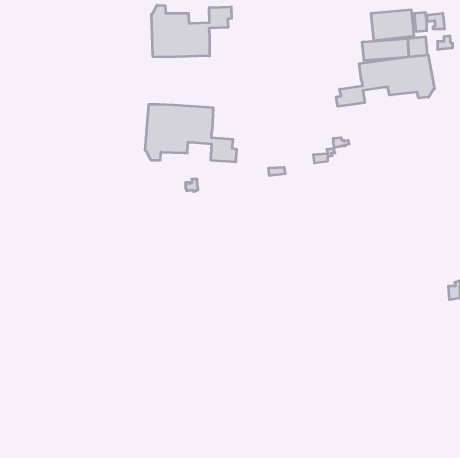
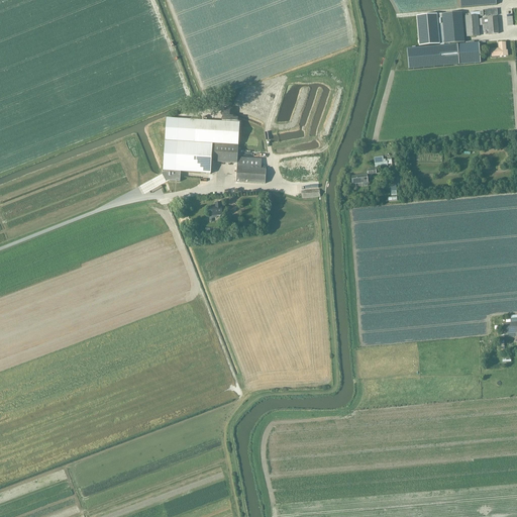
building: [152,5,232,57] -> none
building: [336,55,434,106] -> none

